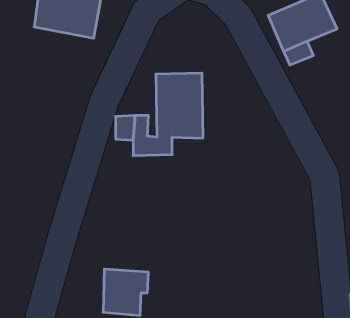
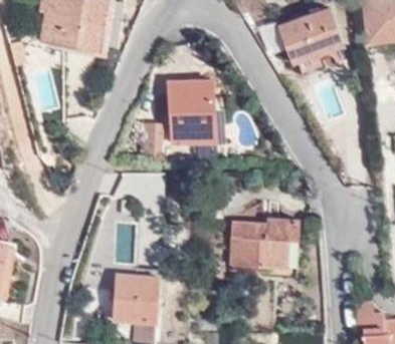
building: none -> [231,219,299,280]

